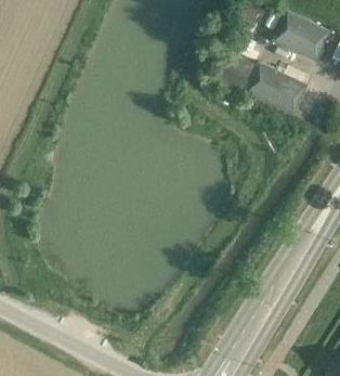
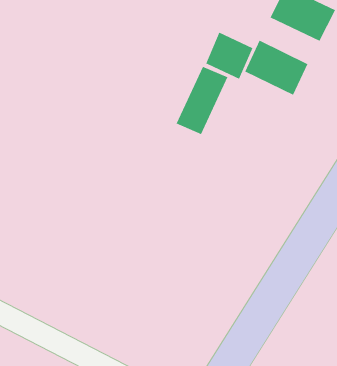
building: none -> [176,66,228,135]

